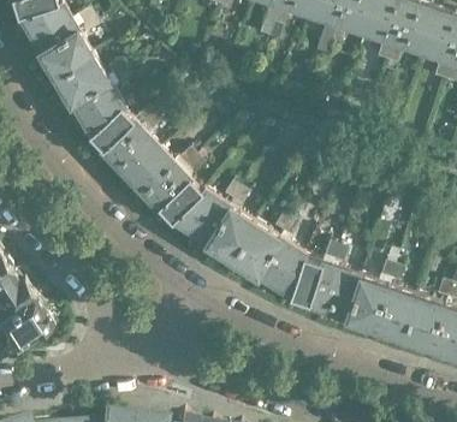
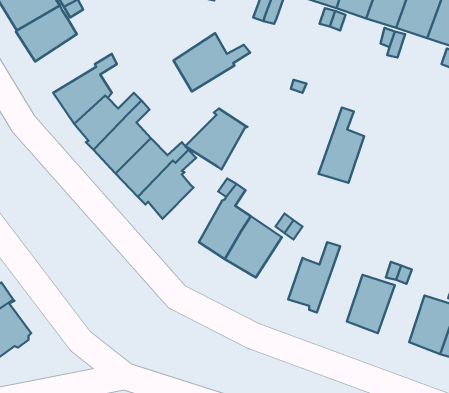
building: [52,48,123,102] -> [174,33,250,92]
building: [170,184,227,240] -> [185,108,248,170]
building: [256,236,304,293] -> none
building: [313,244,355,314] -> [319,108,364,183]
building: [369,280,413,333] -> none

